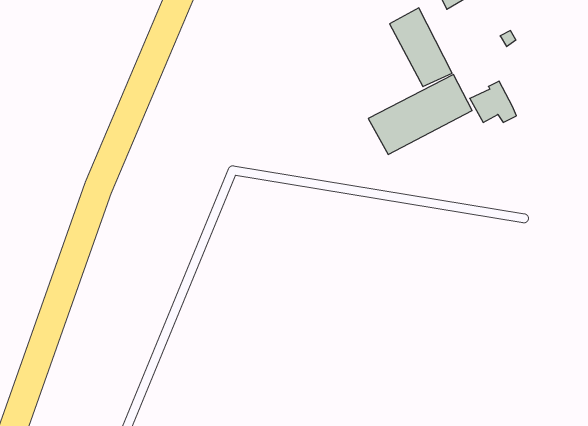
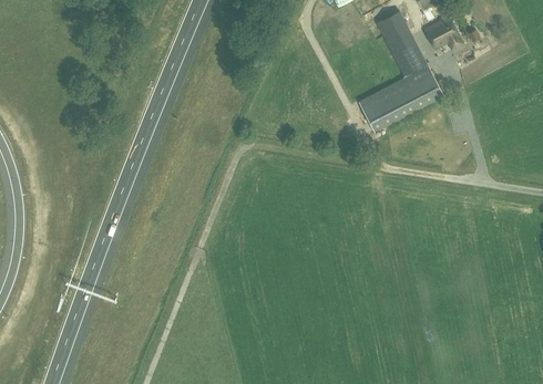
building: [470,81,516,122] -> [423,14,462,49]

